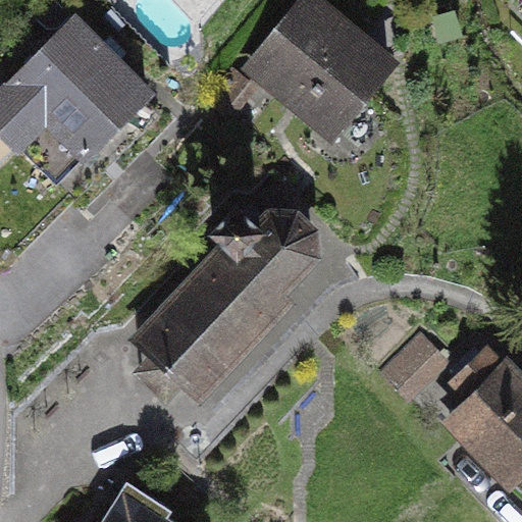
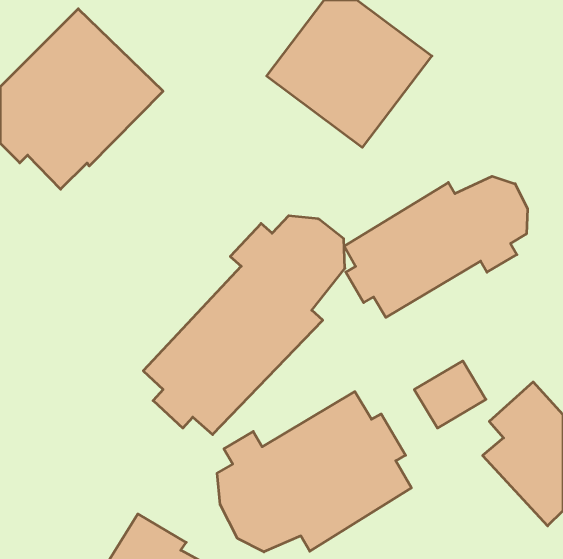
building: none -> [344,176,528,317]
building: none -> [217,392,411,552]

